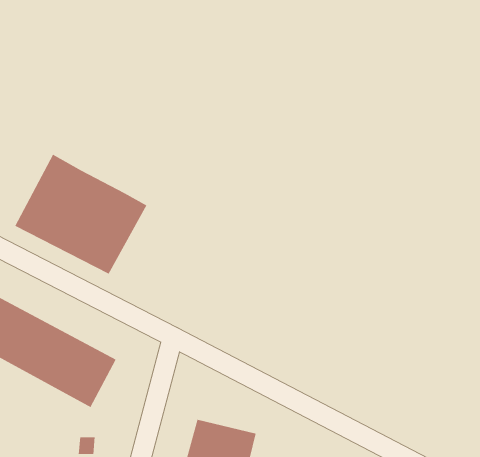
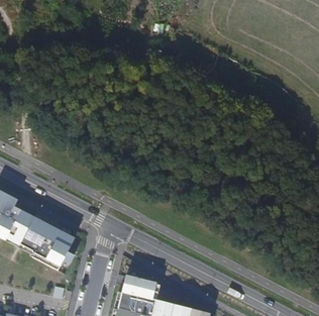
building: [15,154,147,274] -> none

